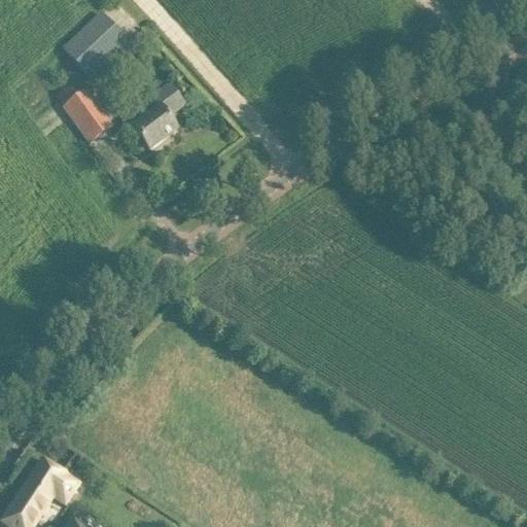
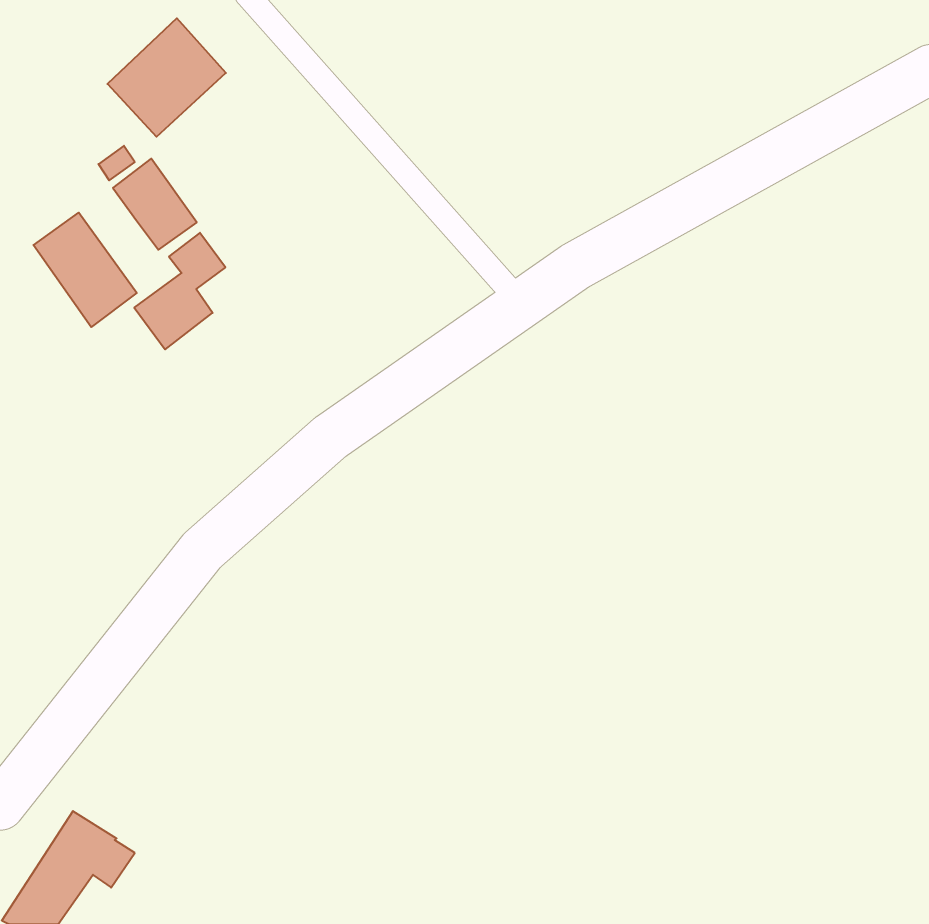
building: [133,83,184,149] -> [134,233,225,349]
building: none -> [33,213,137,327]

